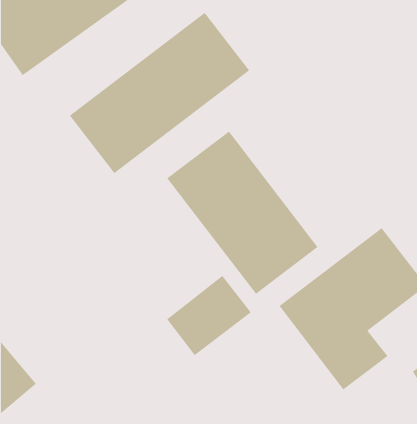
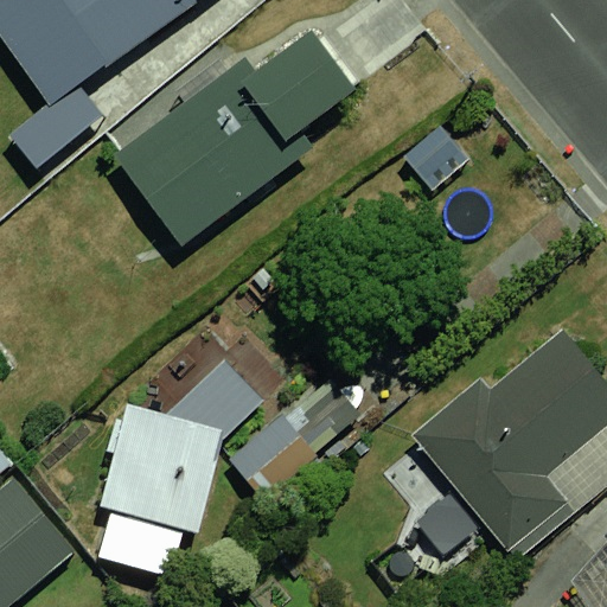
building: [166,130,319,295] -> none
building: none -> [92,401,222,574]

